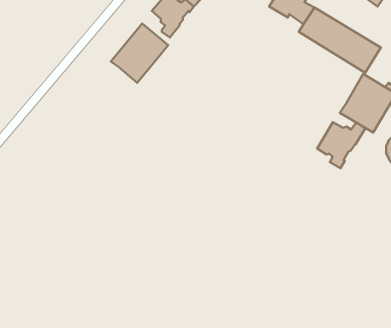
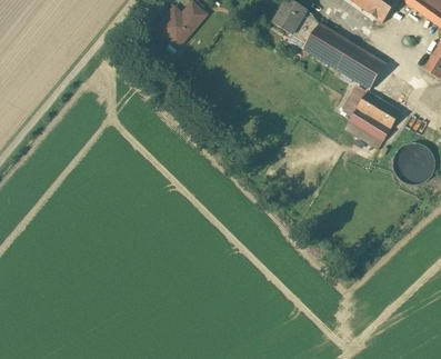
building: [111,24,168,83] -> none
building: [317,122,365,168] -> none

